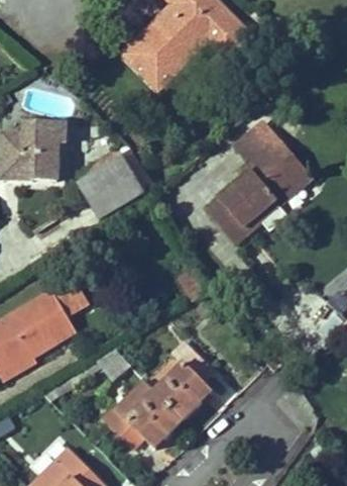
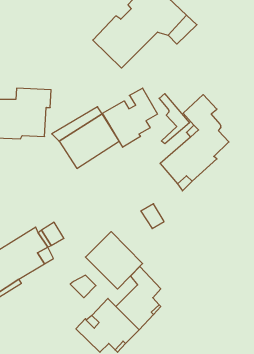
building: none -> [103,88,157,147]
building: [272,141,311,204] -> [159,94,190,143]
building: none -> [85,232,143,289]

